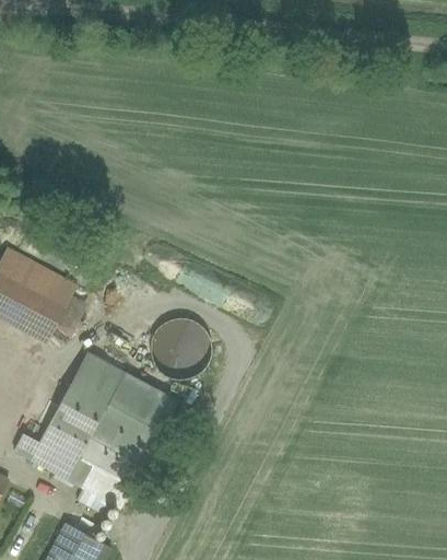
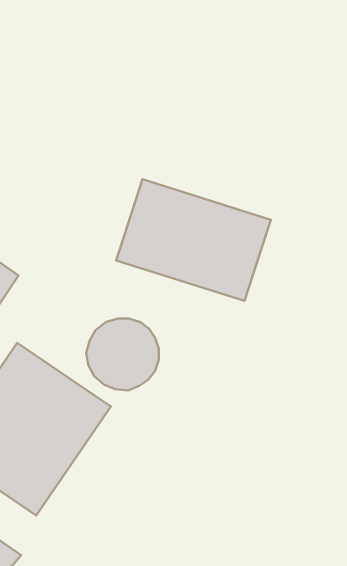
building: none -> [116,179,271,301]

